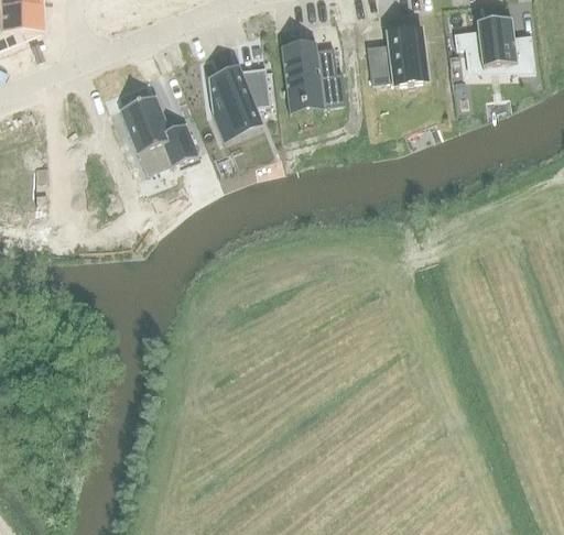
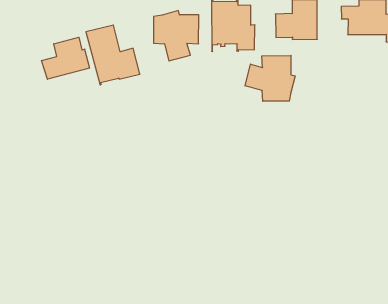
building: none -> [245,55,295,101]
building: none -> [42,37,89,79]

